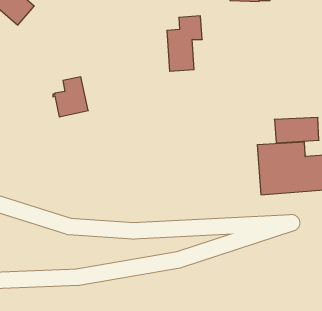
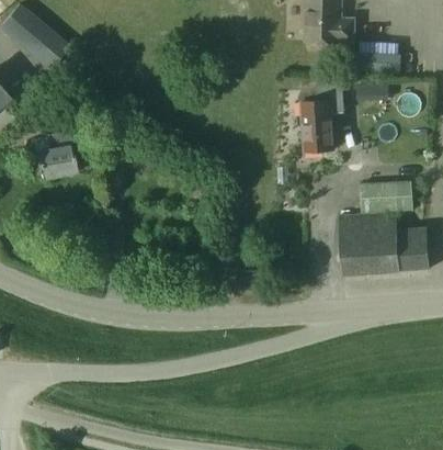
building: [167,16,202,71] -> [300,85,343,151]
building: [53,77,88,117] -> [34,132,77,180]

